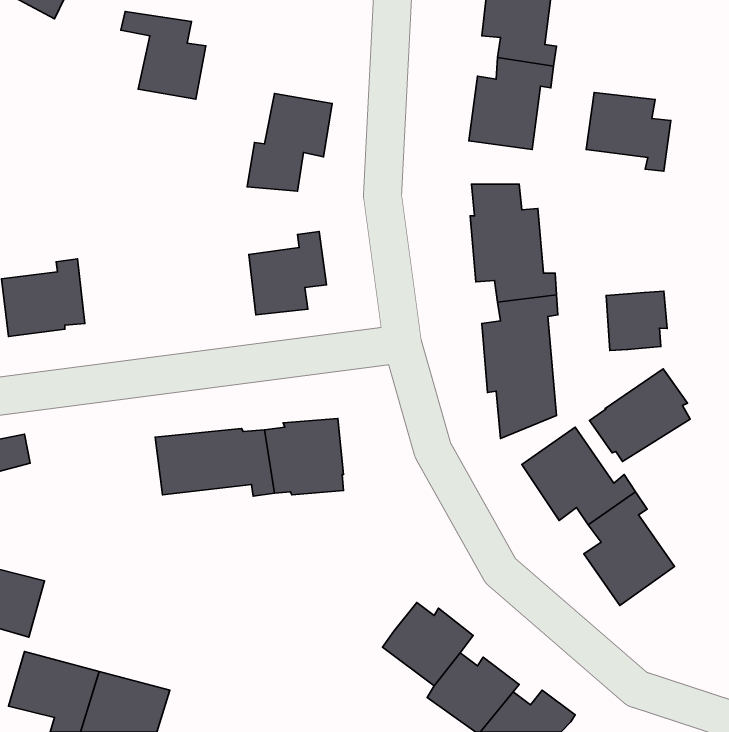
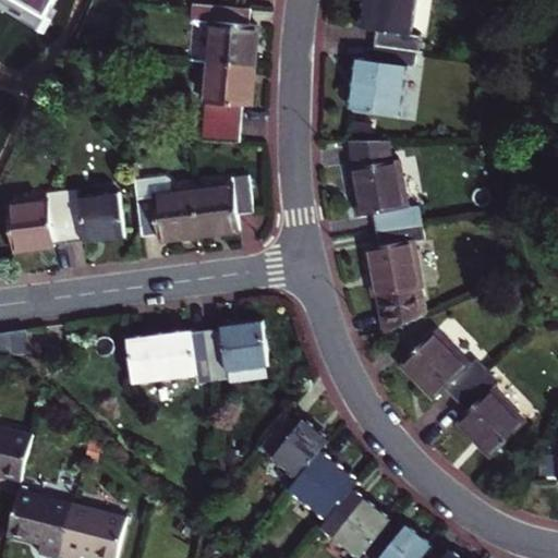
building: [121,11,206,99] -> [195,12,259,78]
building: [586,92,671,171] -> none
building: none -> [132,182,194,244]
building: none -> [59,195,120,246]
building: [606,291,667,350] -> none
building: [590,369,690,462] -> none
building: none -> [260,416,329,478]

